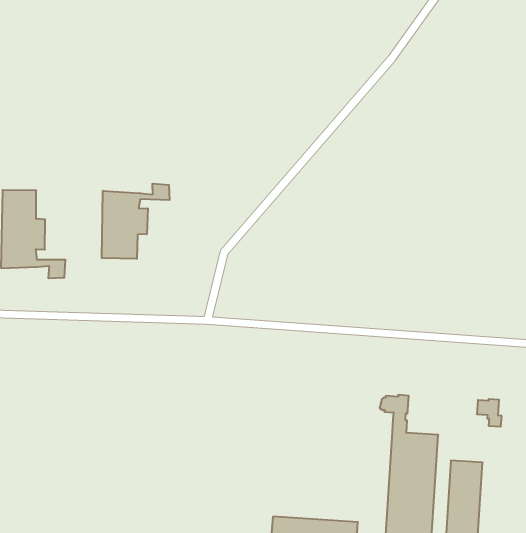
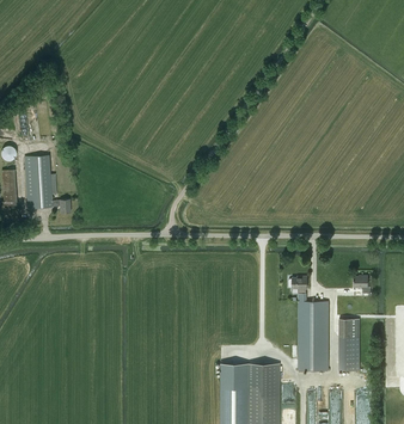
building: [102,184,170,259] -> none

